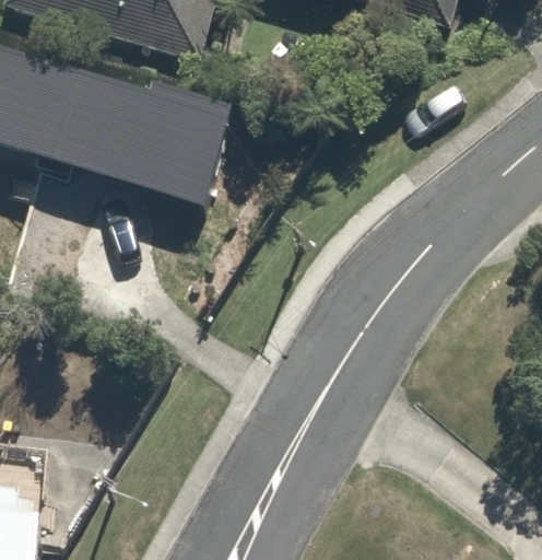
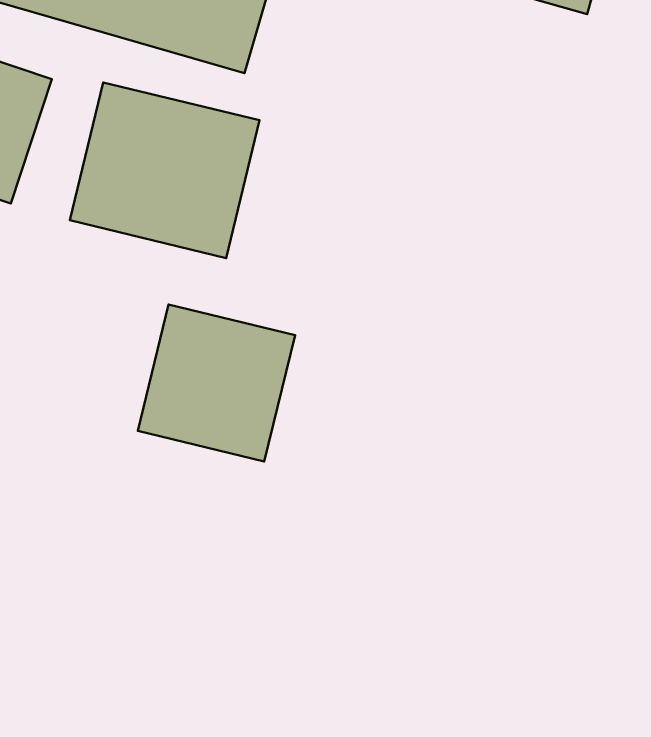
building: none -> [138,304,295,462]

